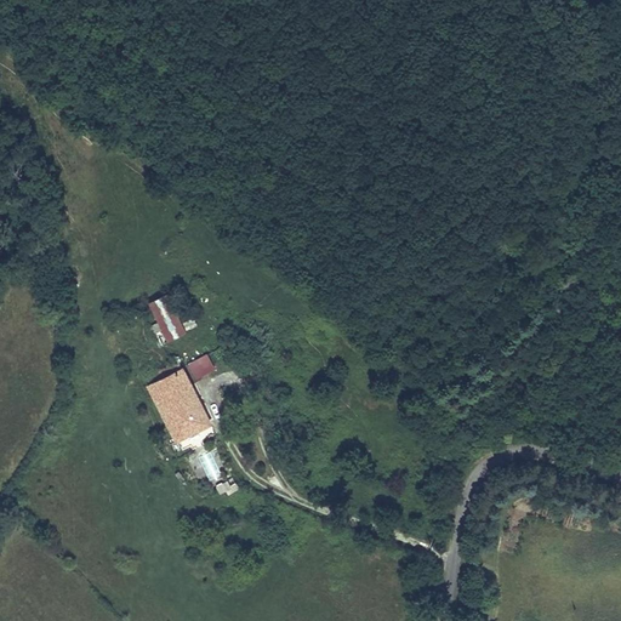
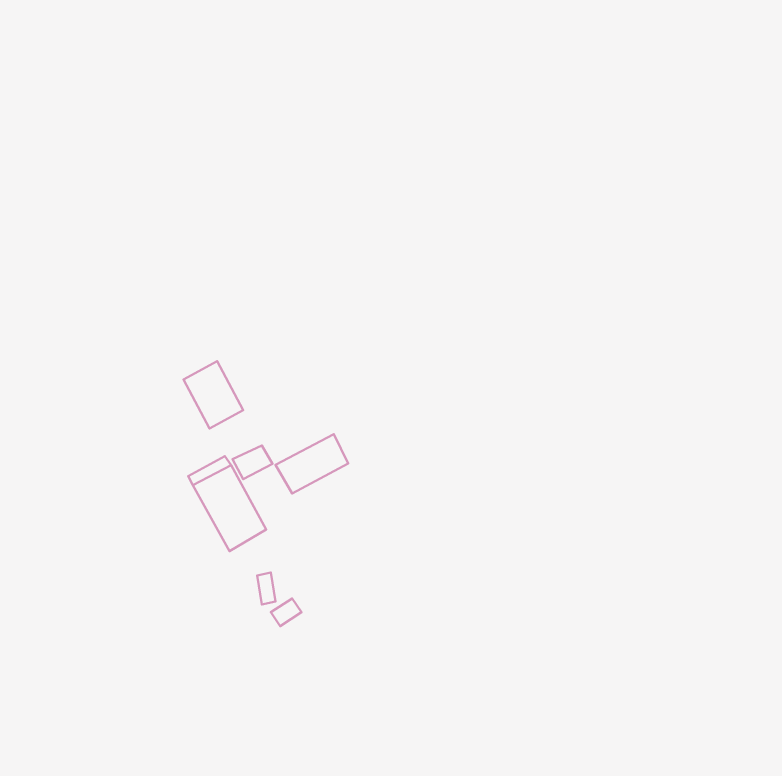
building: none -> [276,434,348,494]

